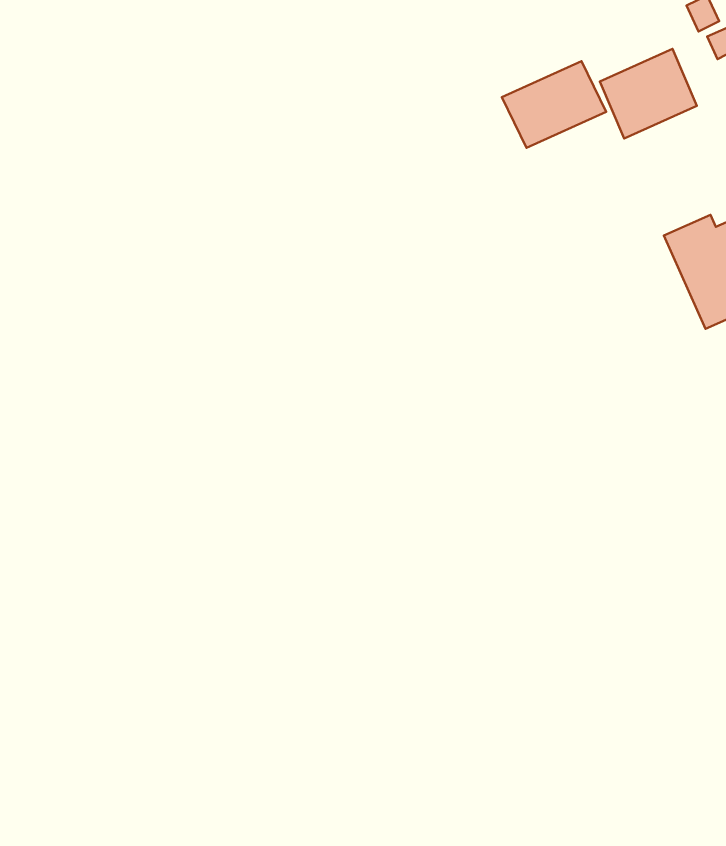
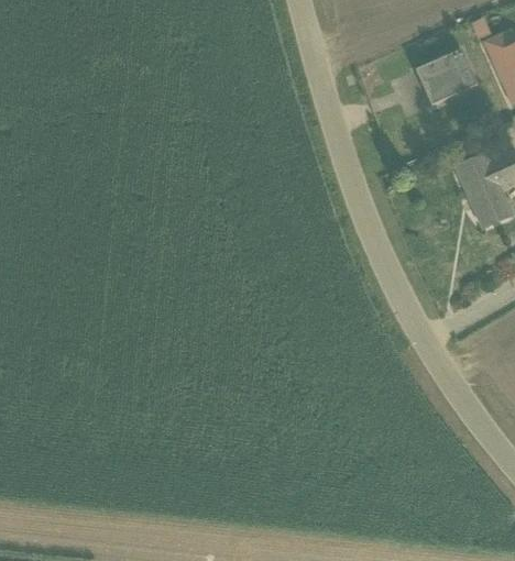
building: [502,61,606,148] -> none

